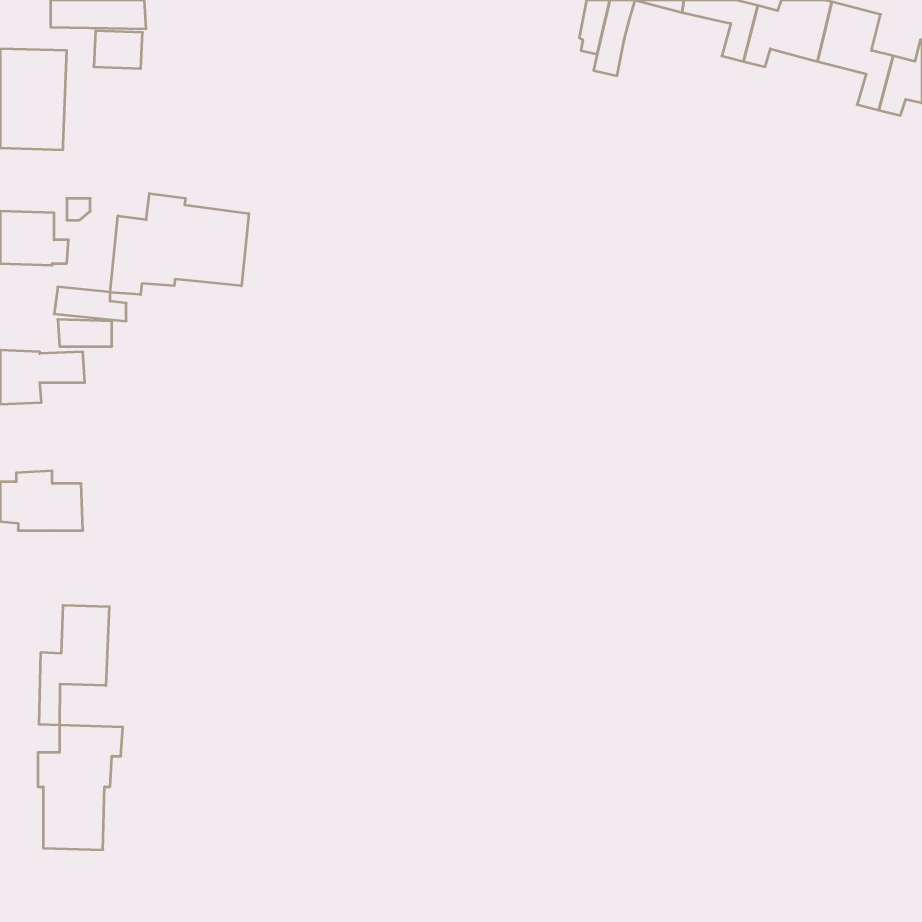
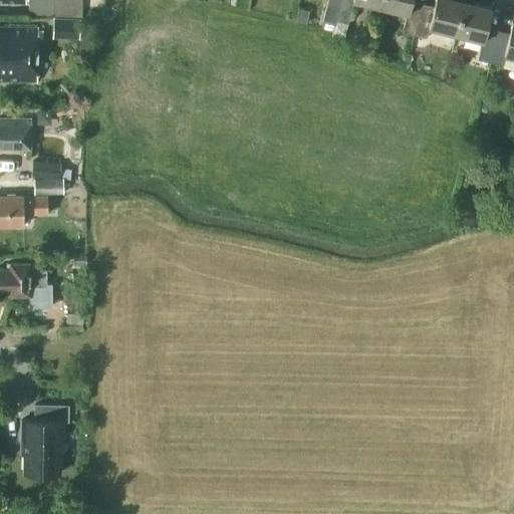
building: [110,193,249,295] -> none
building: [39,605,109,725] -> none

